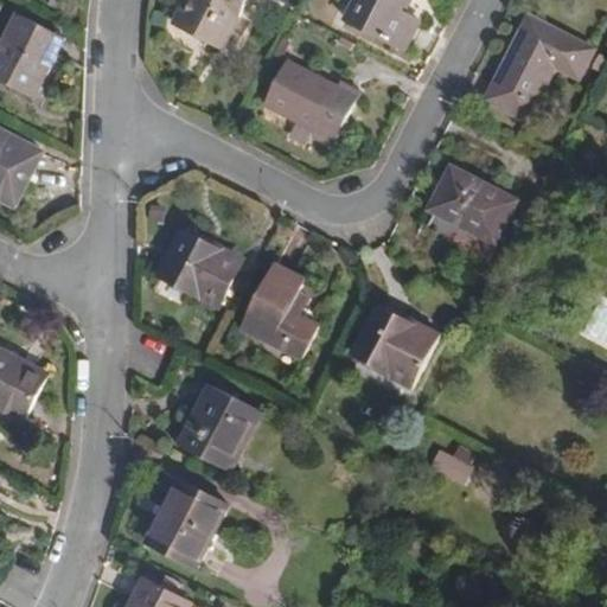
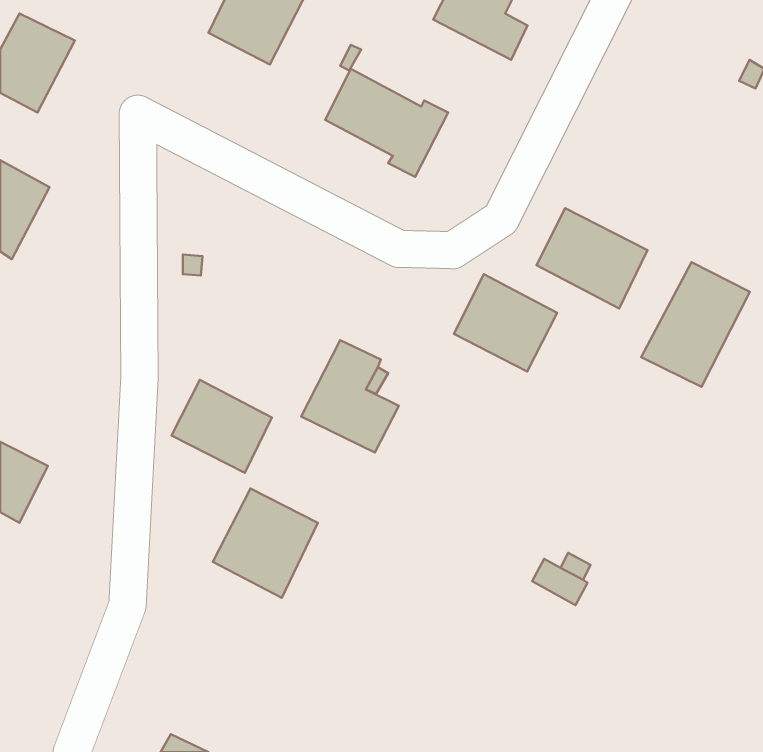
building: [483,17,581,117] -> none
building: none -> [641,262,750,387]
building: [159,230,238,304] -> [171,380,272,473]
building: [351,313,433,390] -> [454,274,557,371]
building: [148,479,226,570] -> none

